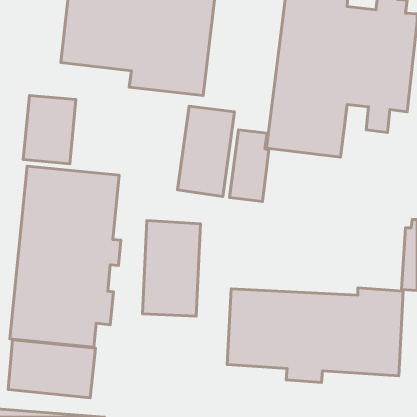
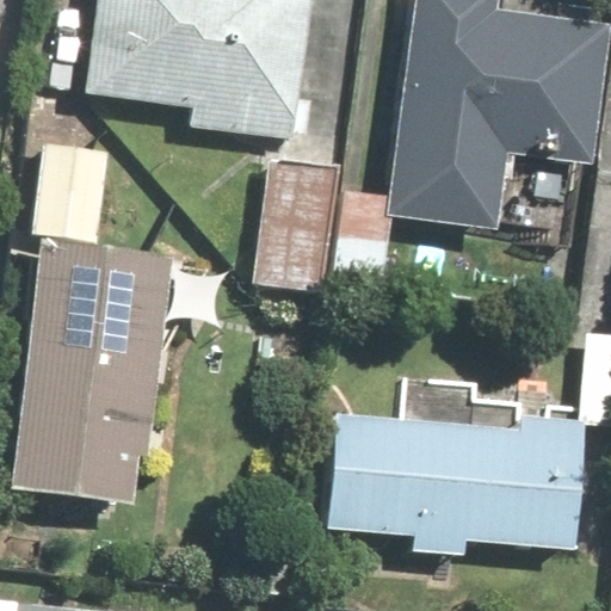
building: [142,221,201,316] -> none
building: [8,340,96,398] -> none

